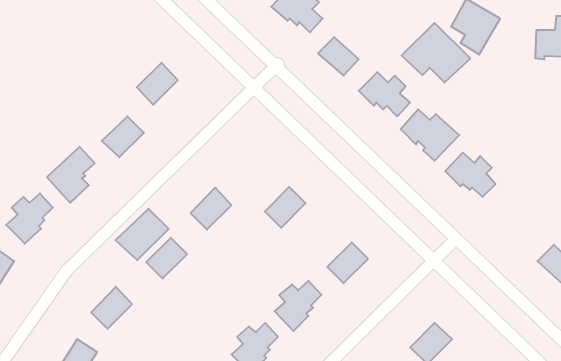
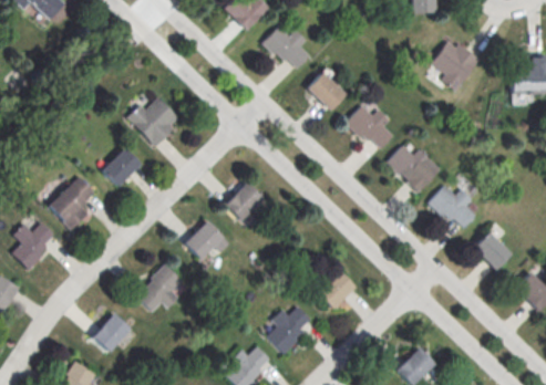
building: [402,23,470,83] -> none
building: [265,187,306,228] -> [224,180,262,219]
building: none -> [473,230,512,268]
building: [116,209,169,260] -> none

